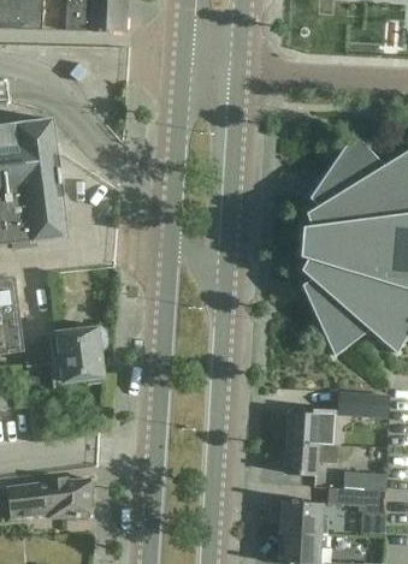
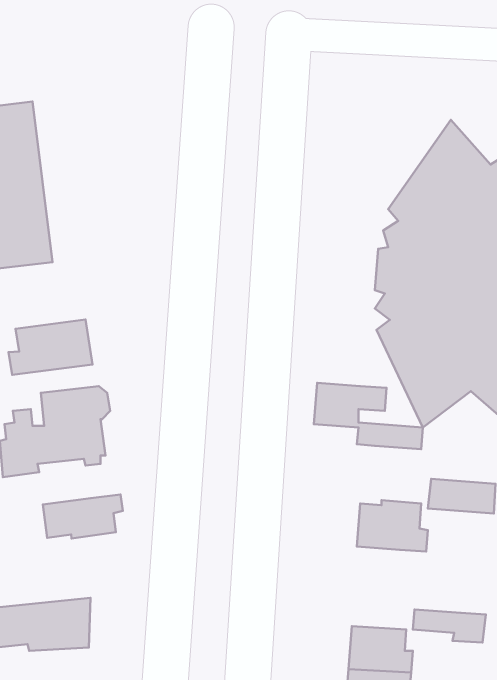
building: none -> [9,319,93,375]
building: none -> [43,494,123,538]
building: [284,441,363,489] -> [314,383,423,449]

